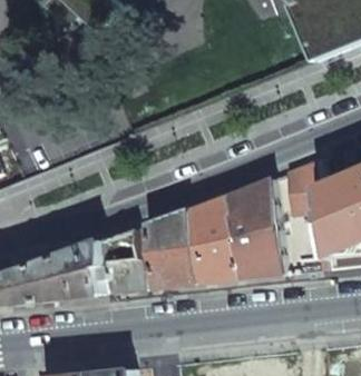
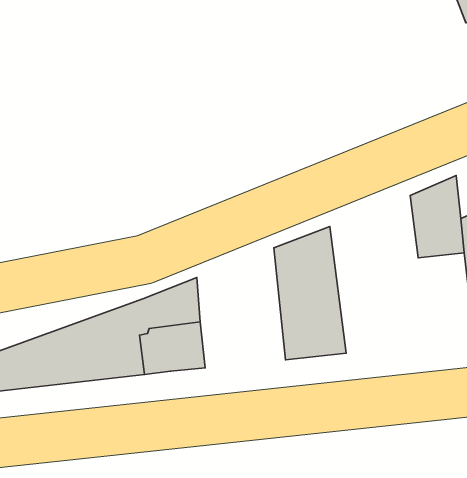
building: [233,175,287,277] -> none
building: [149,206,203,286] -> none

